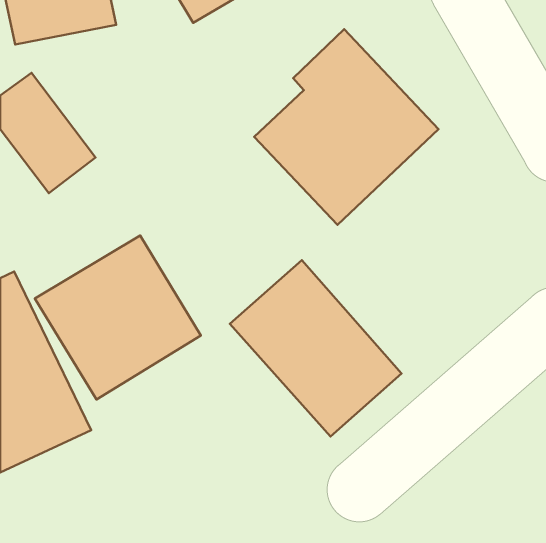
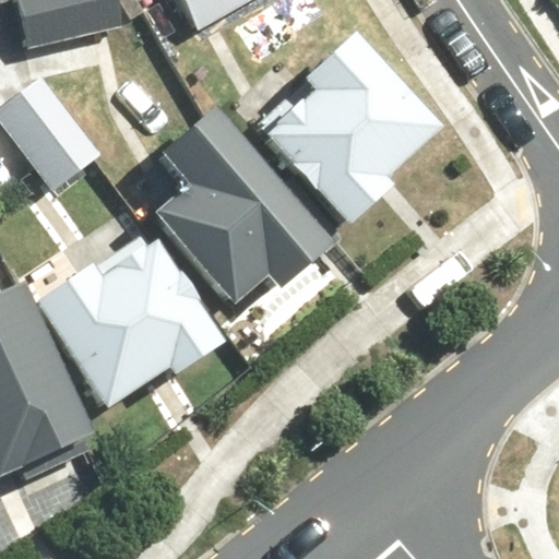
building: none -> [151,105,329,307]
building: [230,260,401,436] -> none

